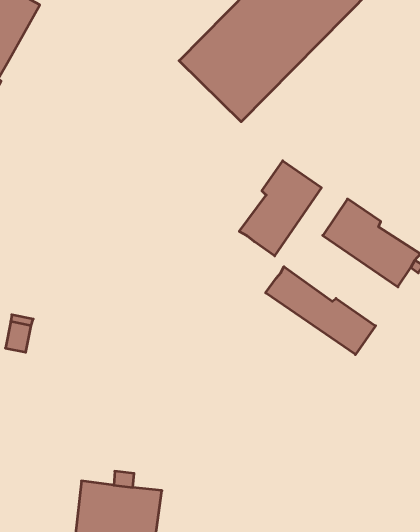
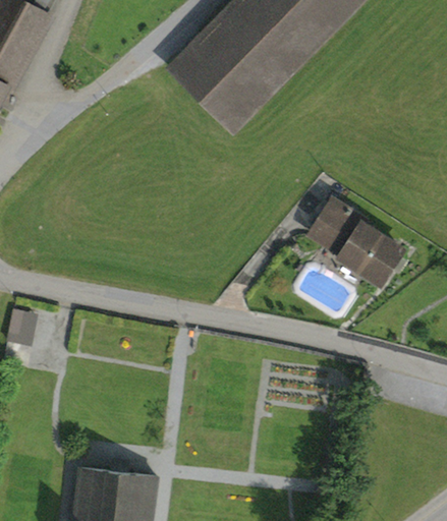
building: [239,161,321,256] -> none
building: [266,267,376,355] -> none

